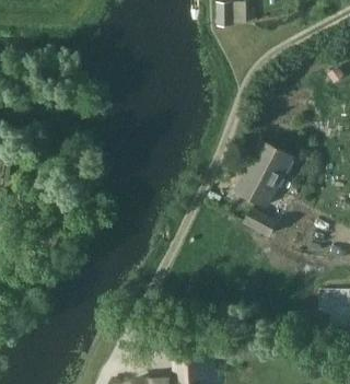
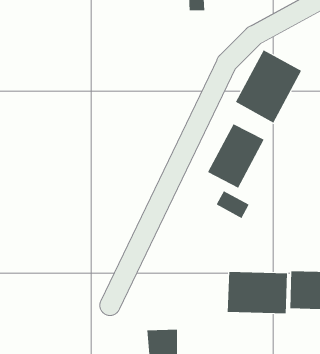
building: none -> [235,49,302,123]
building: none -> [227,271,288,314]

